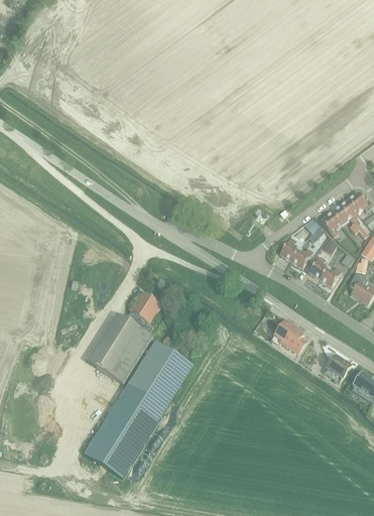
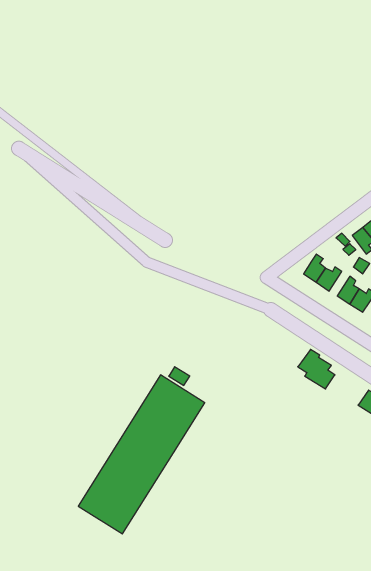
building: [86,292,161,382] -> none

